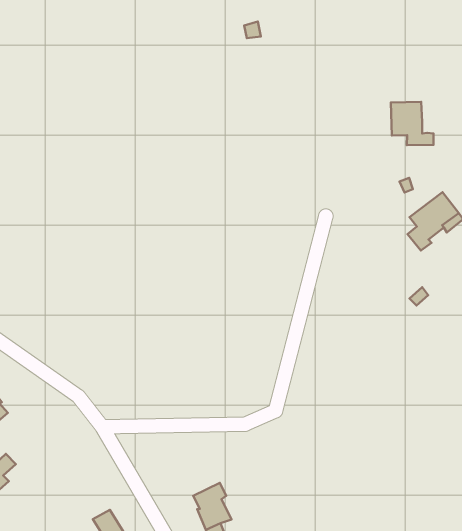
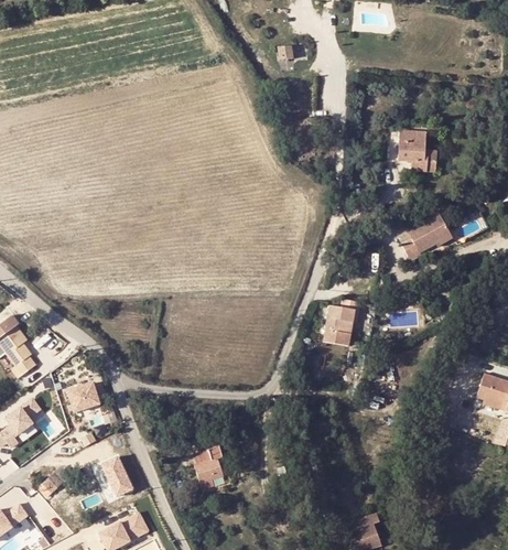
building: none -> [325,300,361,347]
building: none -> [68,382,100,412]

